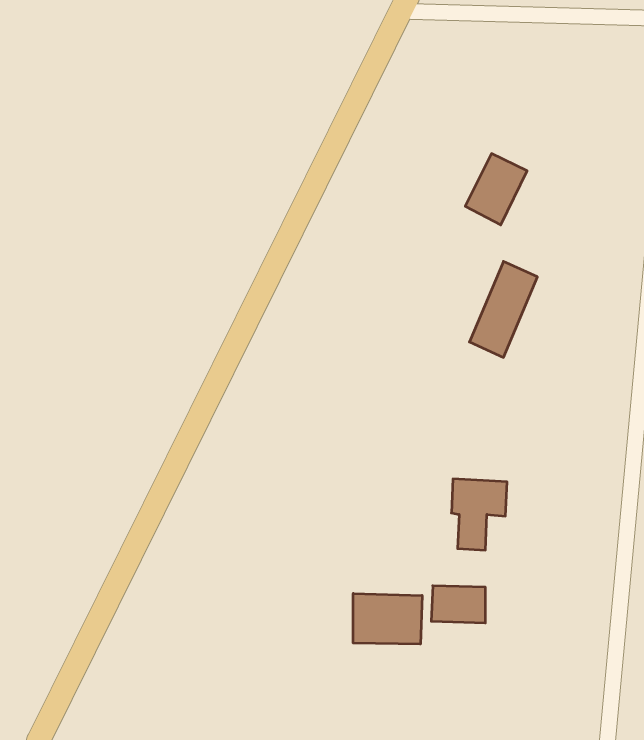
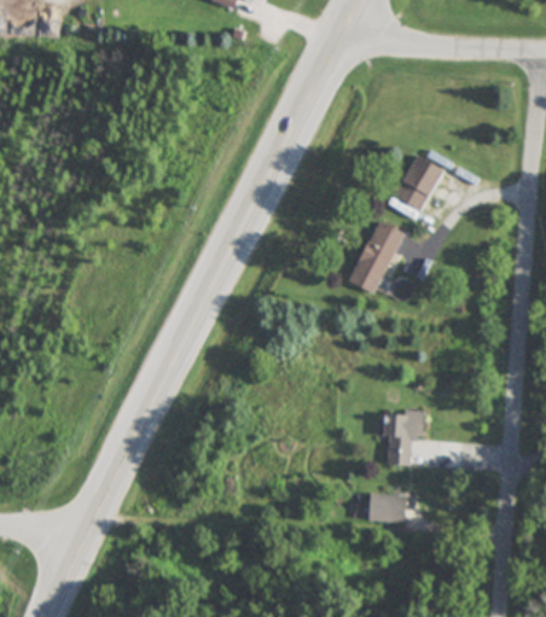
building: [469,261,537,357] -> [349,219,402,293]
building: [353,593,422,644] -> none

